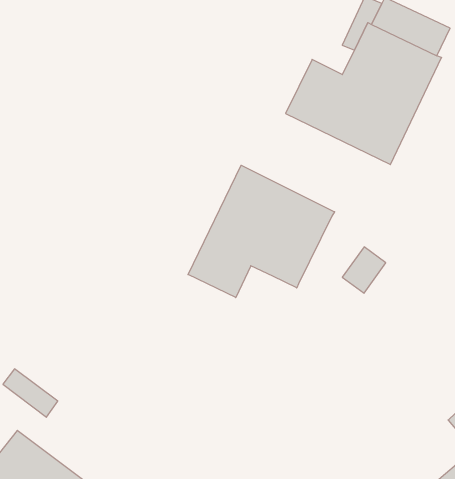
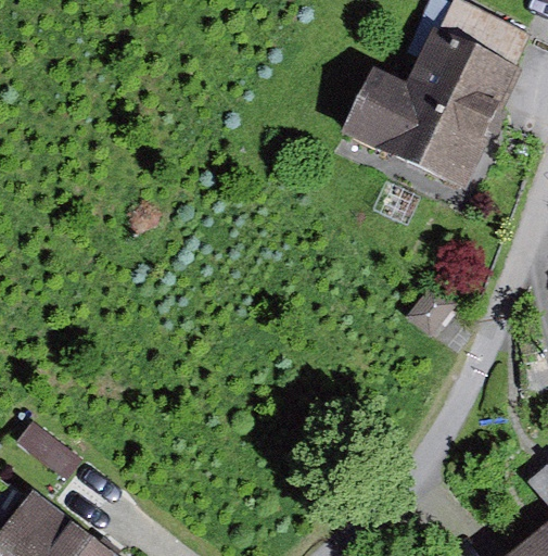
building: [188,165,335,298] -> none

